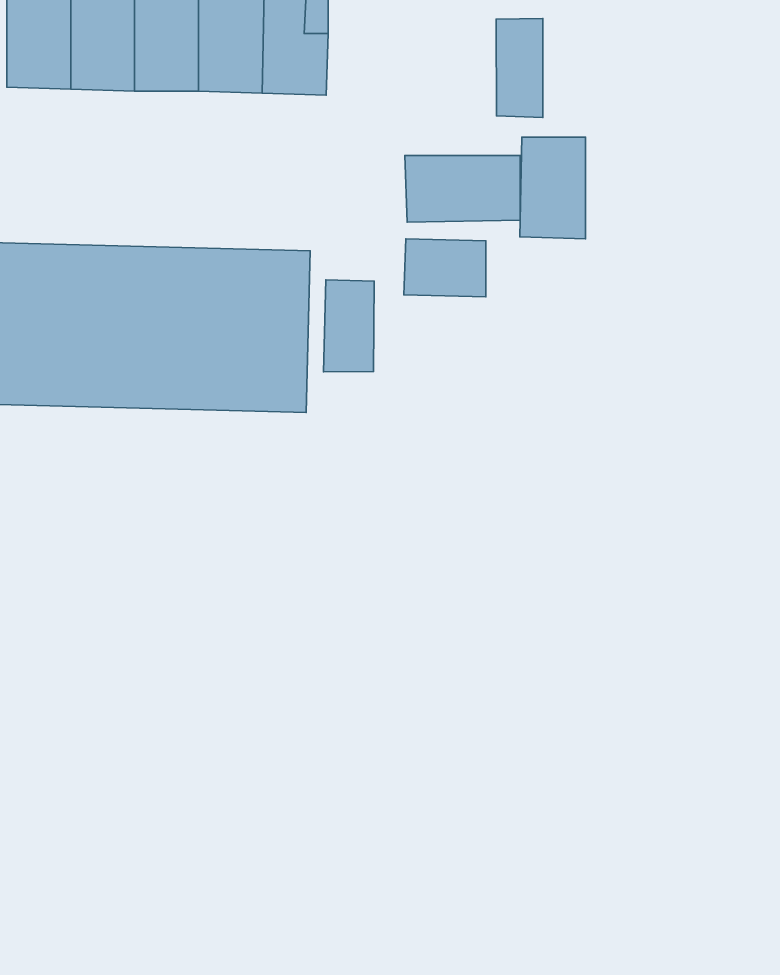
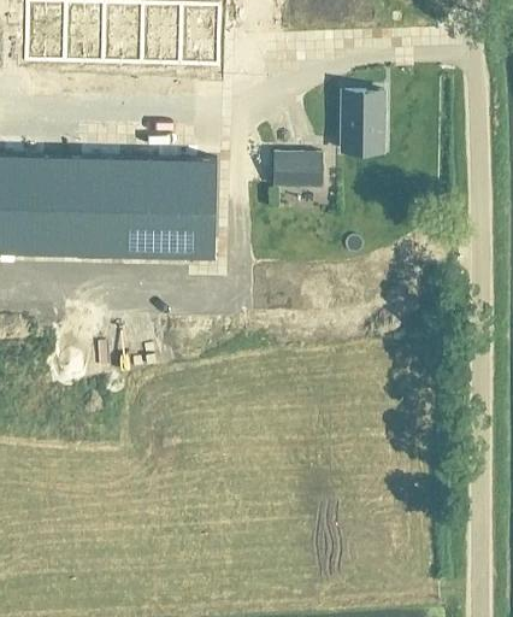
building: [496,18,543,118] -> none
building: [405,155,520,222] -> none
building: [323,280,374,372] -> none

